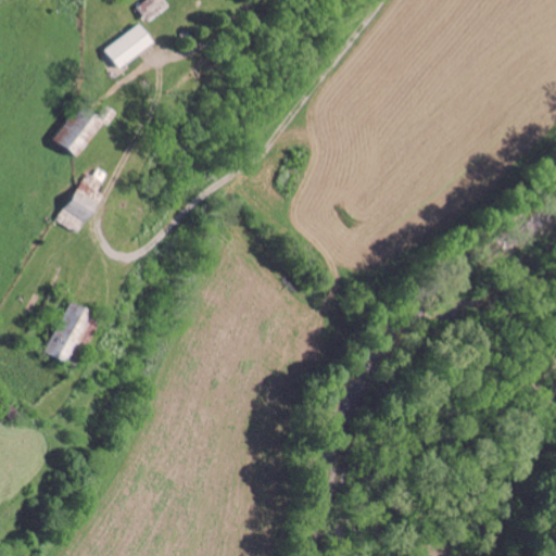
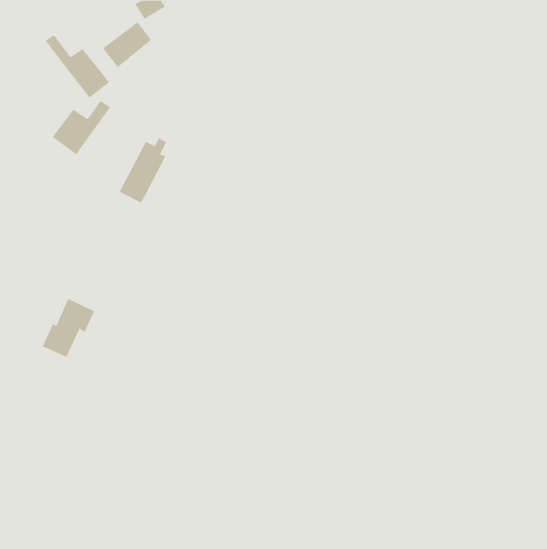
building: none -> [45,34,110,99]
building: [56,168,105,235] -> [119,138,167,204]

